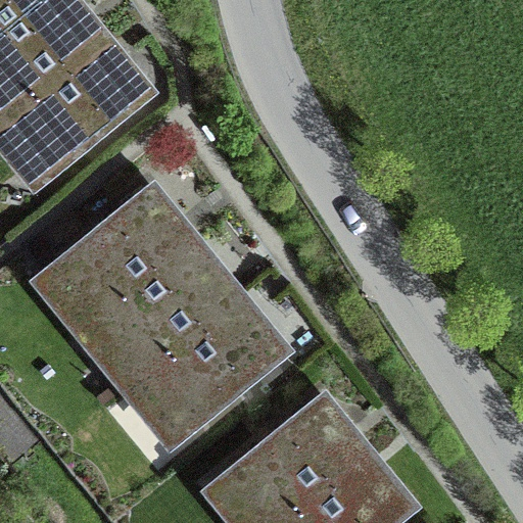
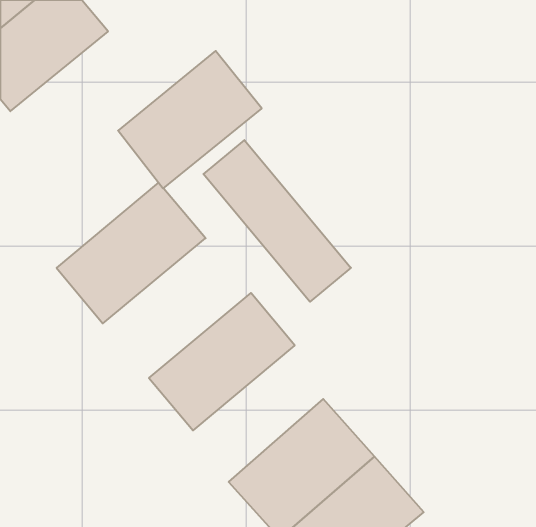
building: [10,40,150,174] -> [118,51,262,188]
building: none -> [203,140,351,302]
building: [100,241,244,377] -> none

